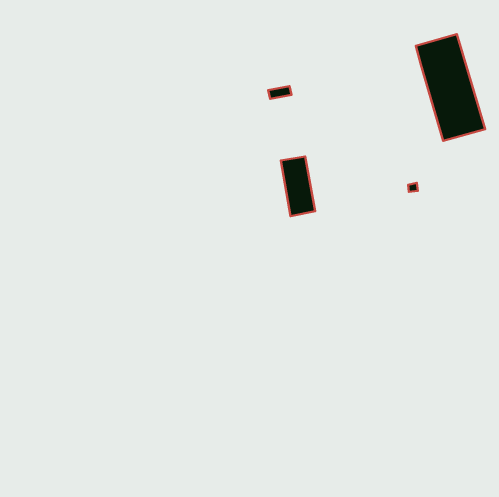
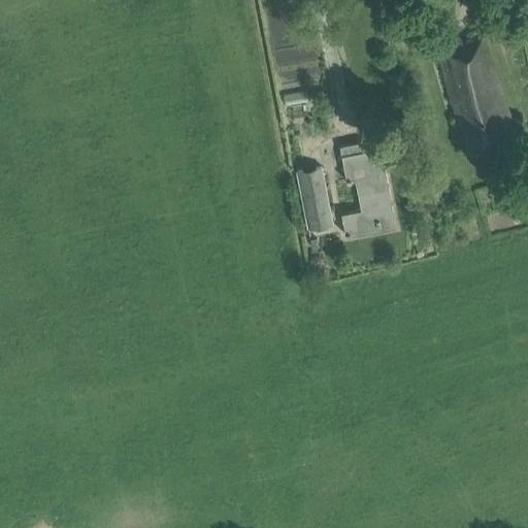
building: none -> [340,143,397,239]

